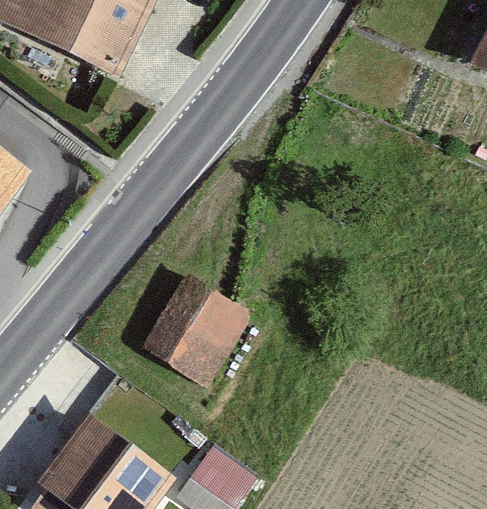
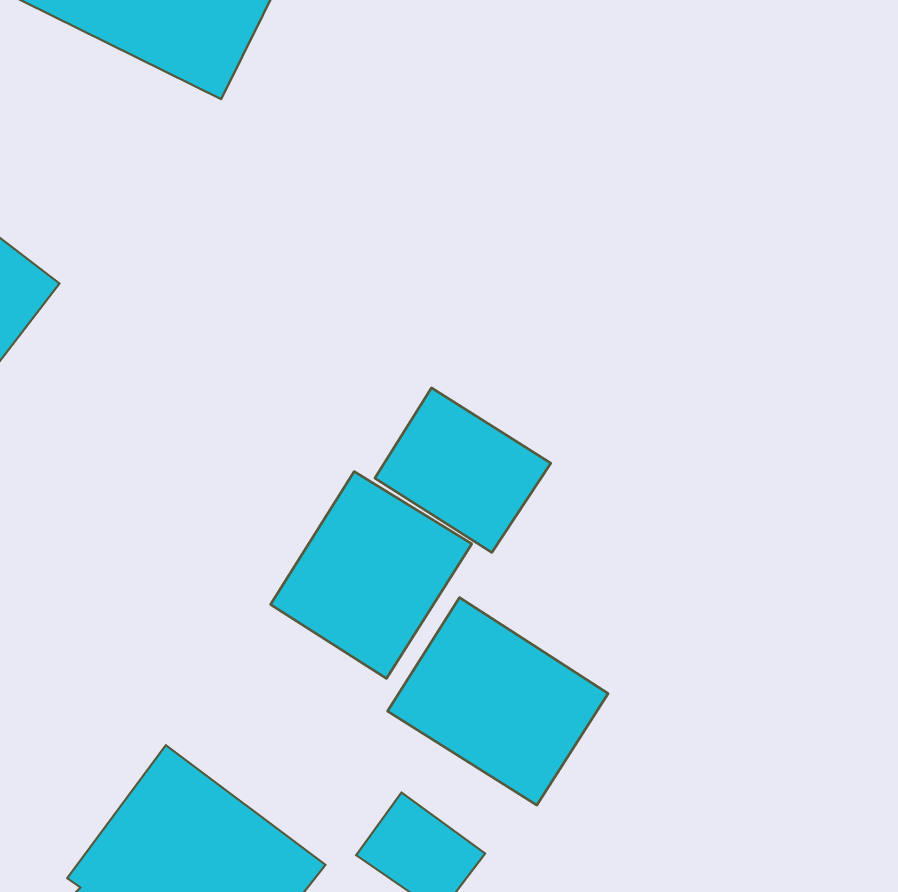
building: none -> [375,388,551,553]
building: none -> [387,597,608,805]

